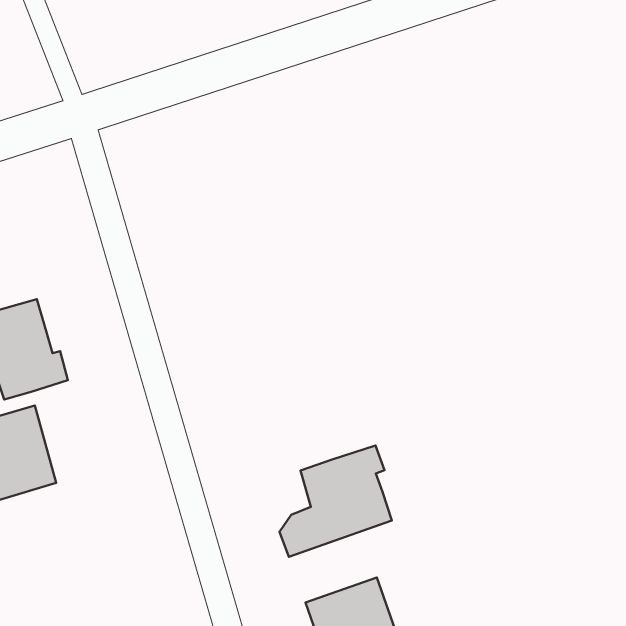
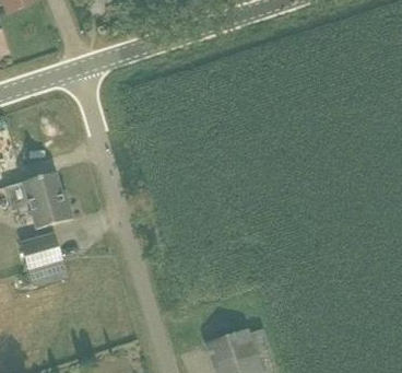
building: [280,446,392,557] -> none

